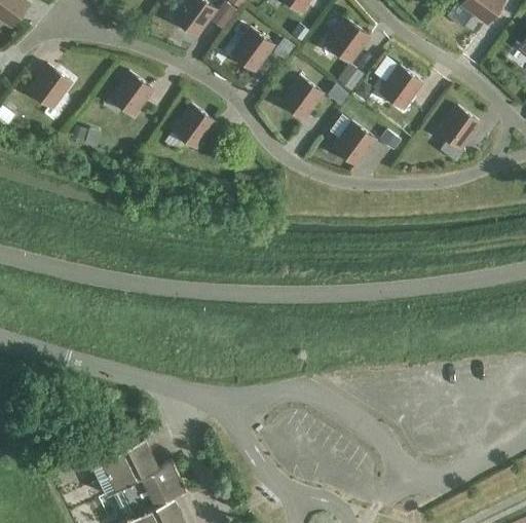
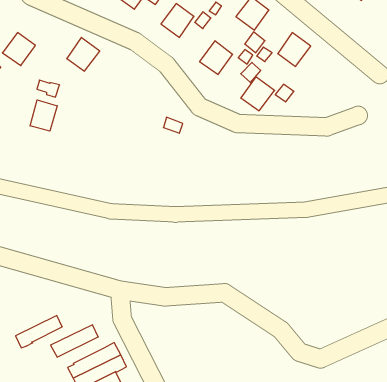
building: [163,106,215,150] -> none
building: [437,106,479,162] -> none
building: none -> [30,100,57,131]
building: [98,454,157,495] -> [16,316,62,348]

